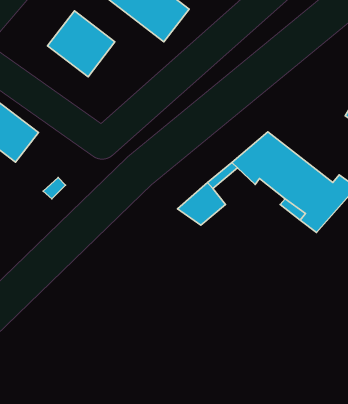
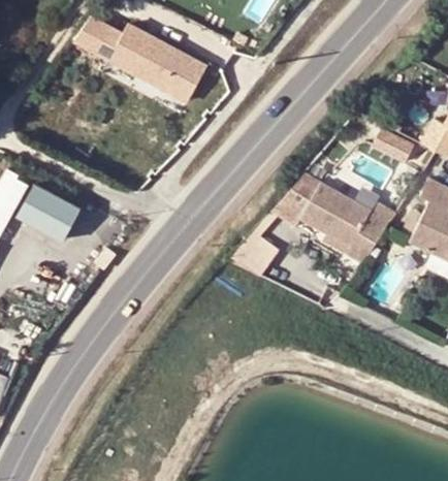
building: [48,11,115,77] -> none

